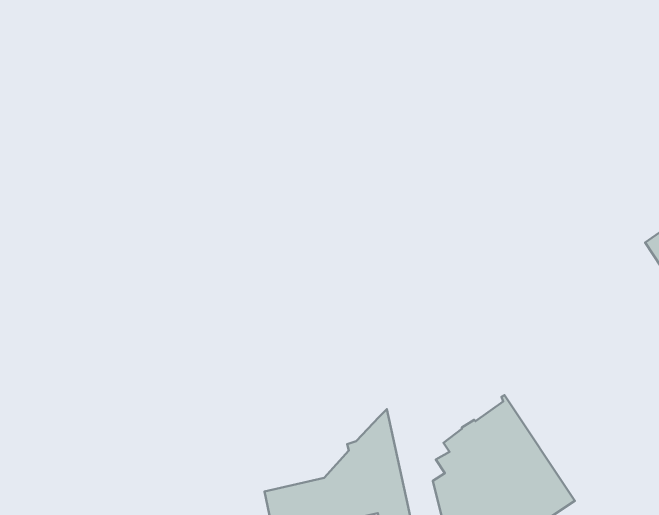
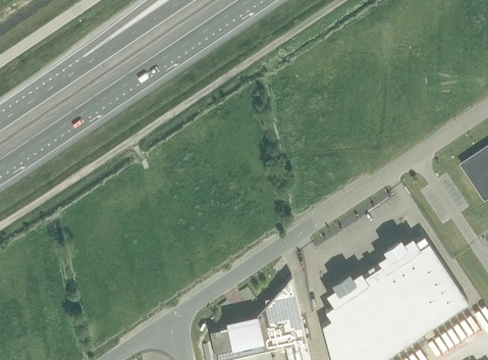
building: none -> [370,238,469,340]

